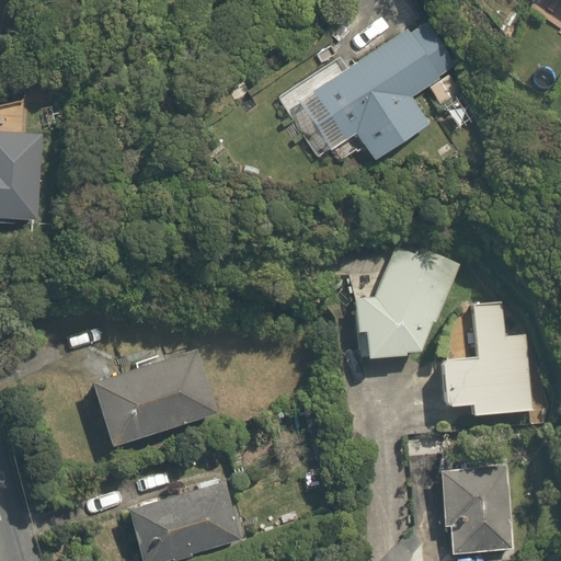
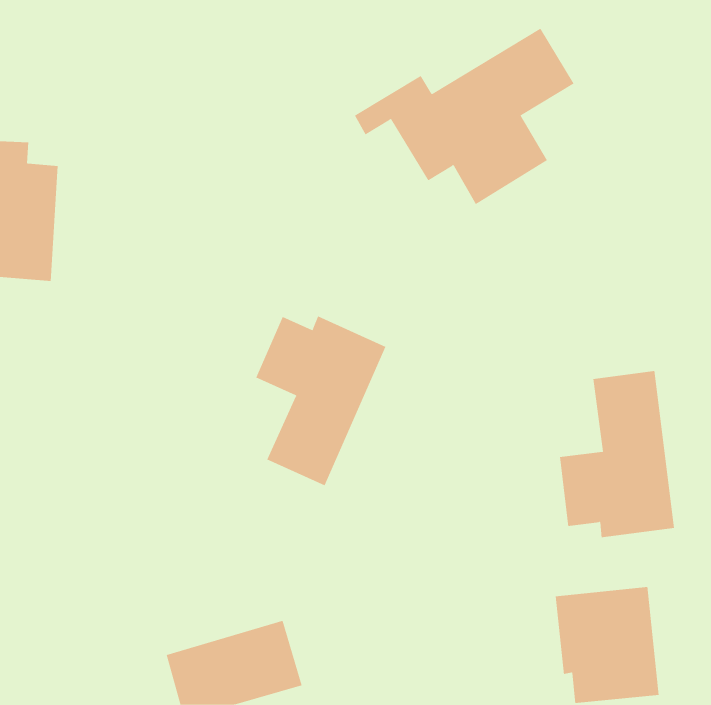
building: [355,242,462,366] -> none
building: none -> [255,316,386,486]
building: [89,345,216,448] -> none

